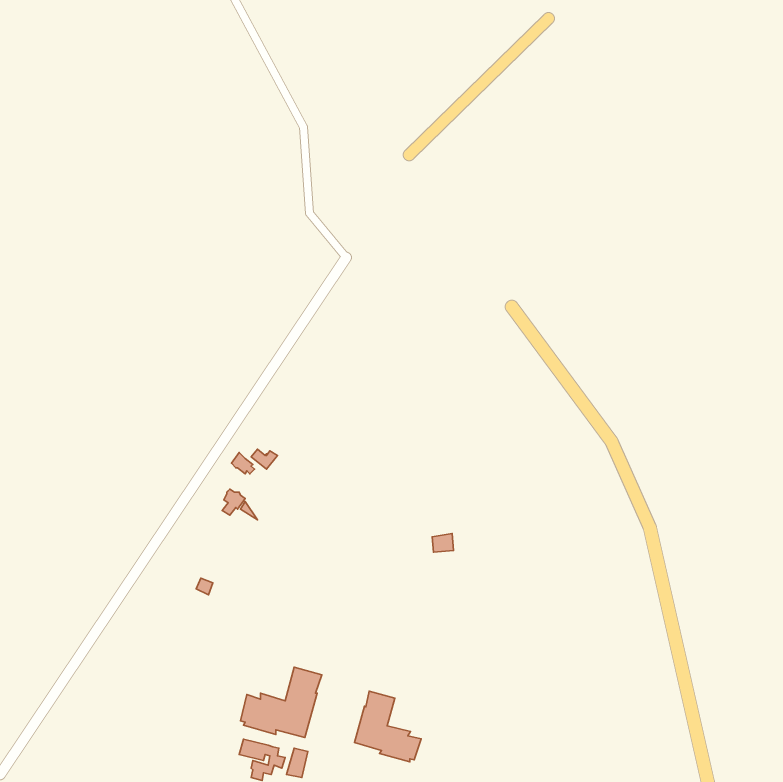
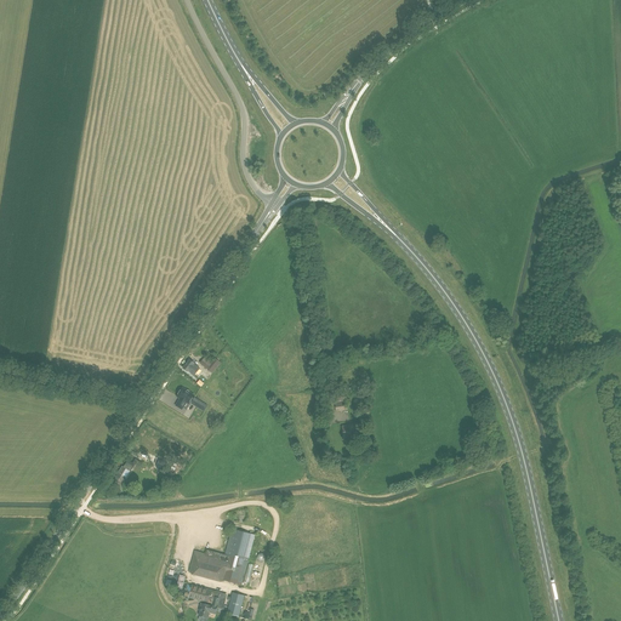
building: [354,691,421,762] -> none

